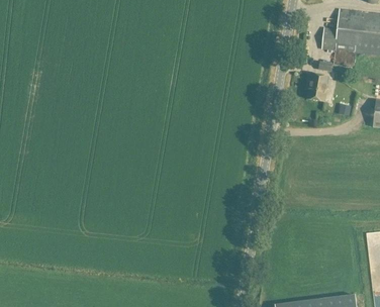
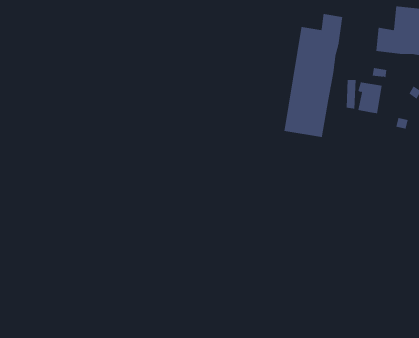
building: none -> [284,13,343,138]

